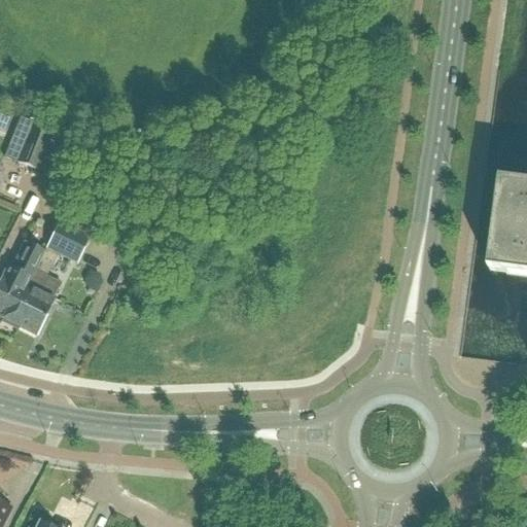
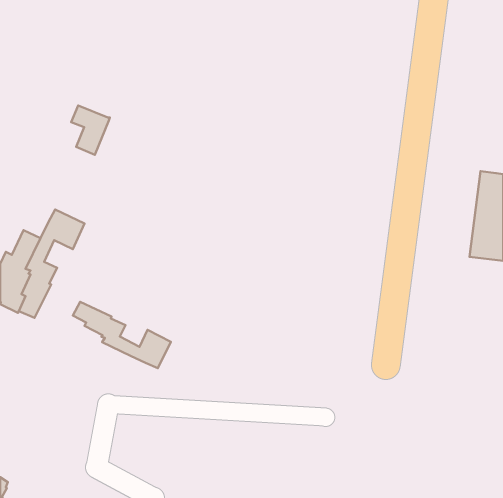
building: [11,116,51,168] -> [71,106,110,155]
building: none -> [73,302,171,368]

